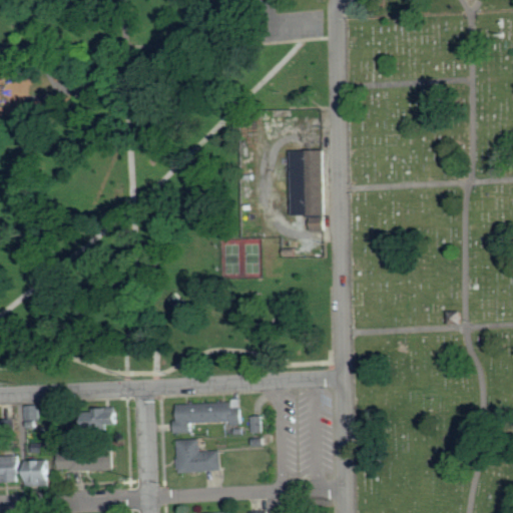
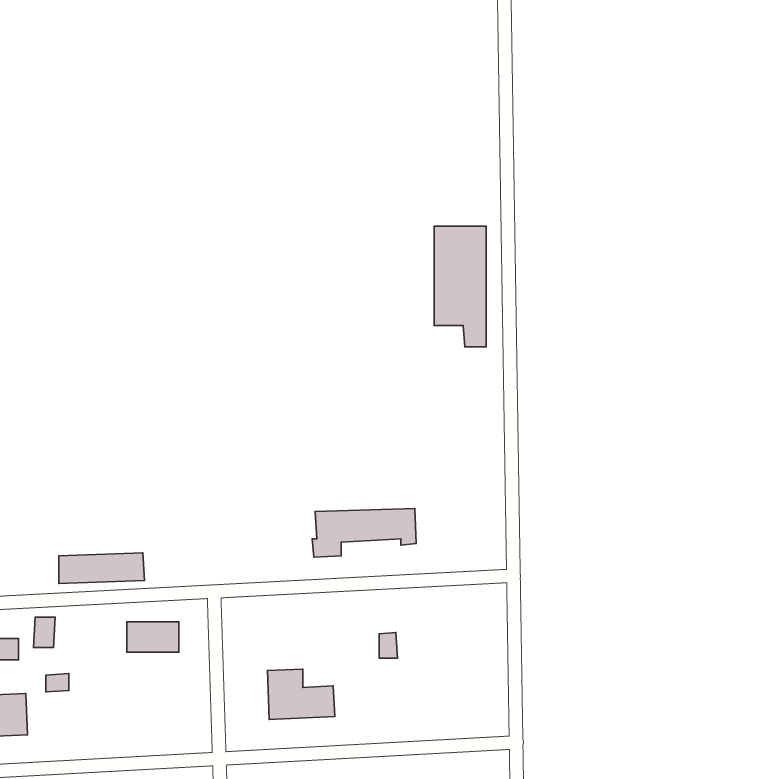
building: [172,402,240,434] -> [312,508,416,557]
building: [57,452,113,472] -> [59,553,145,583]
building: [23,461,51,487] -> none

